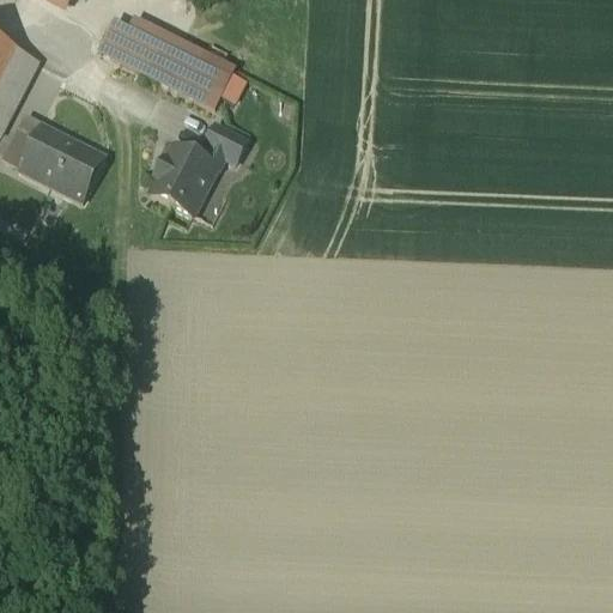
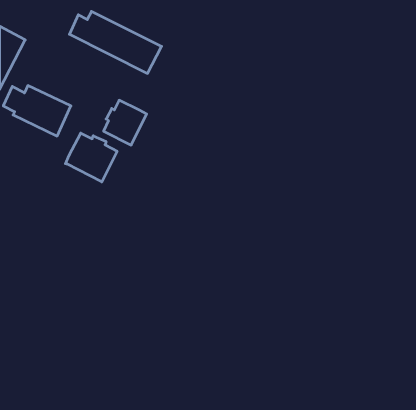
building: [205,126,247,171] -> none
building: none -> [65,133,117,182]

